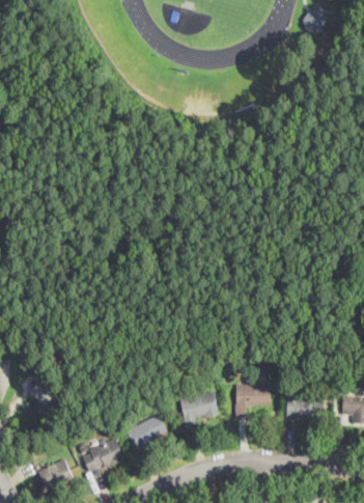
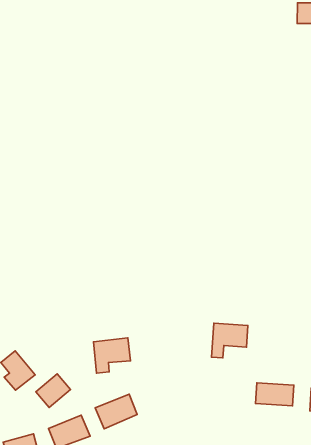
building: [235,385,270,419] -> [212,323,248,358]
building: [179,392,218,429] -> [93,338,130,373]
building: none -> [36,374,71,408]

